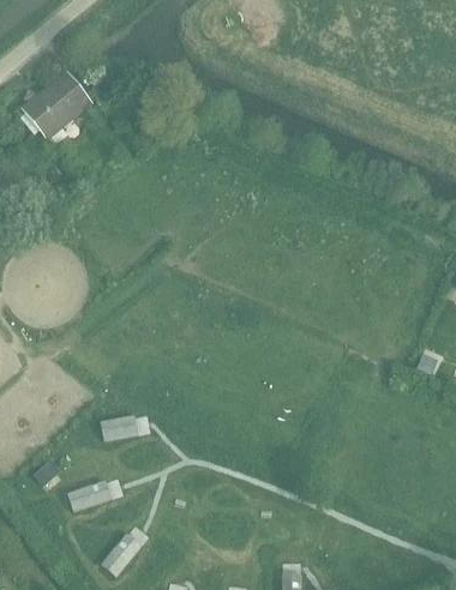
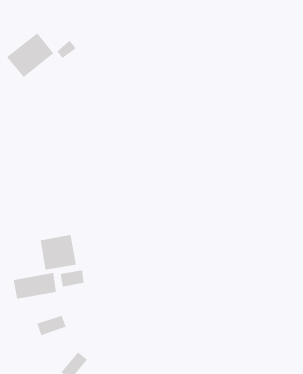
building: none -> [40,234,77,270]
building: none -> [13,272,57,299]

